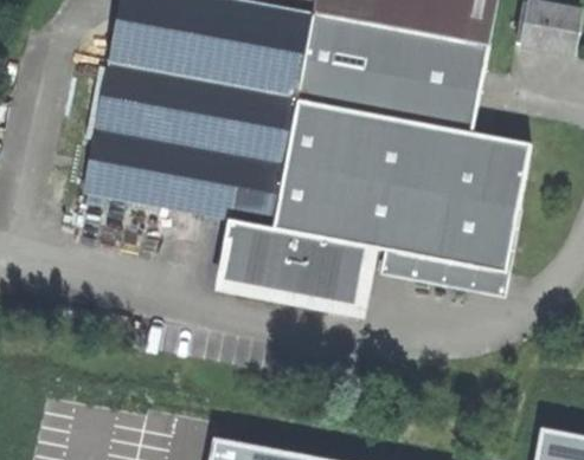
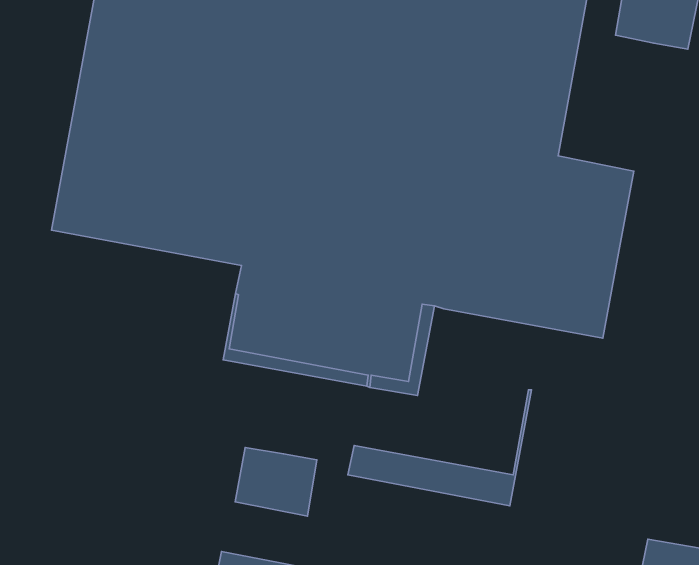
building: [380,208,521,297] -> [348,390,532,506]
building: none -> [235,448,317,516]

